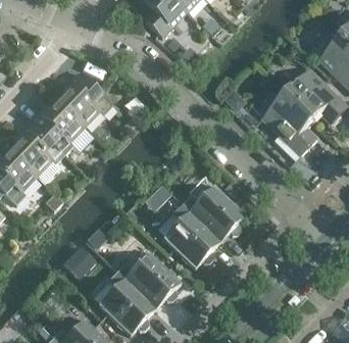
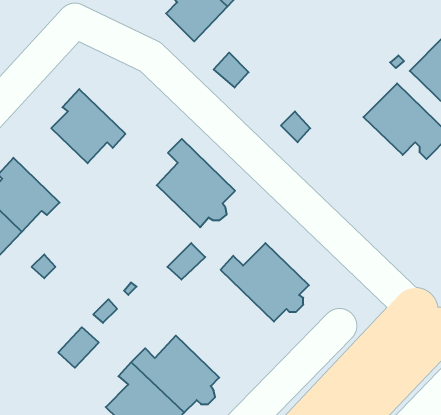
building: [261,92,317,154] -> none
building: [30,100,84,154] -> none
building: [162,203,219,267] -> [157,139,235,227]

